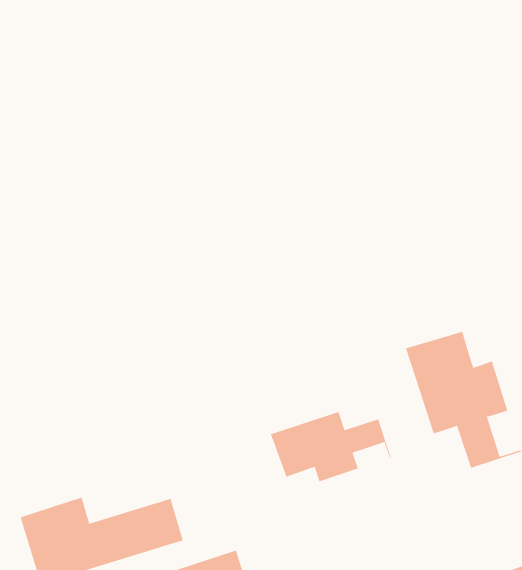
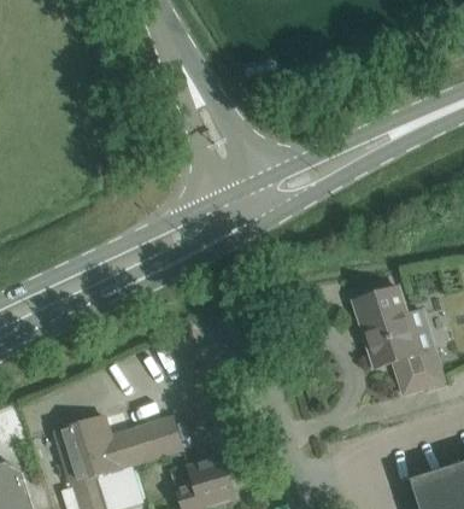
building: [270,411,391,482] -> none

